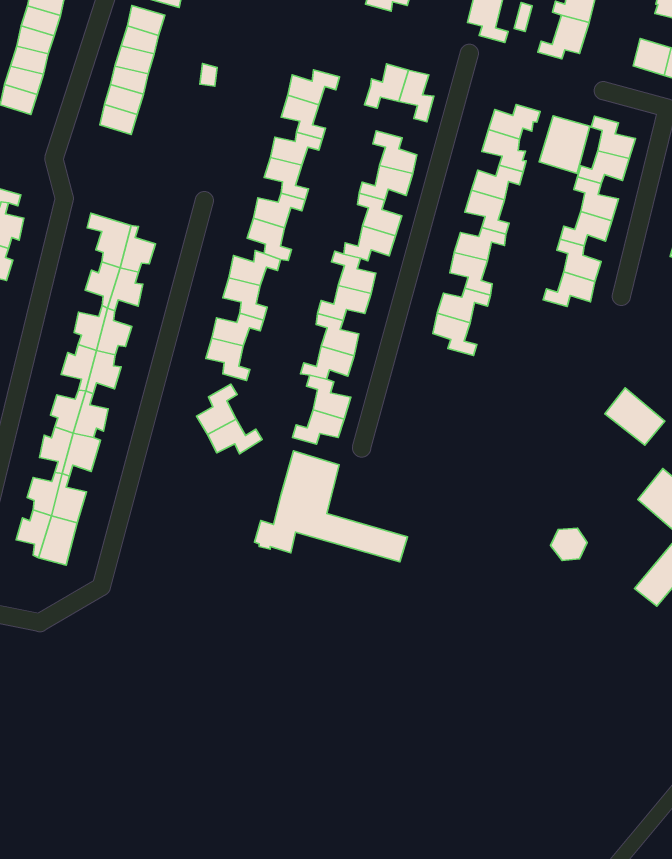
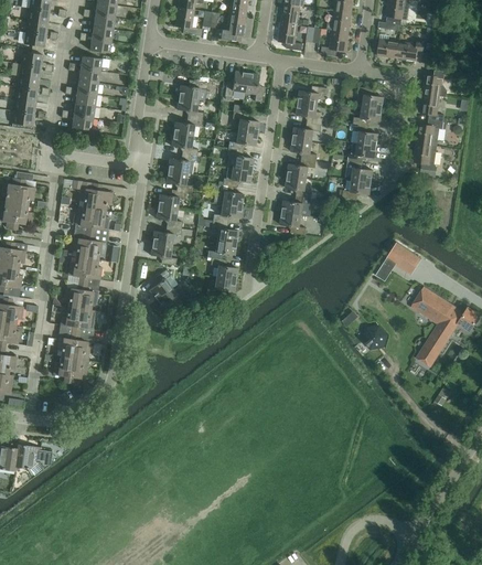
building: [539,116,590,174] -> none
building: [255,451,407,562] -> none

